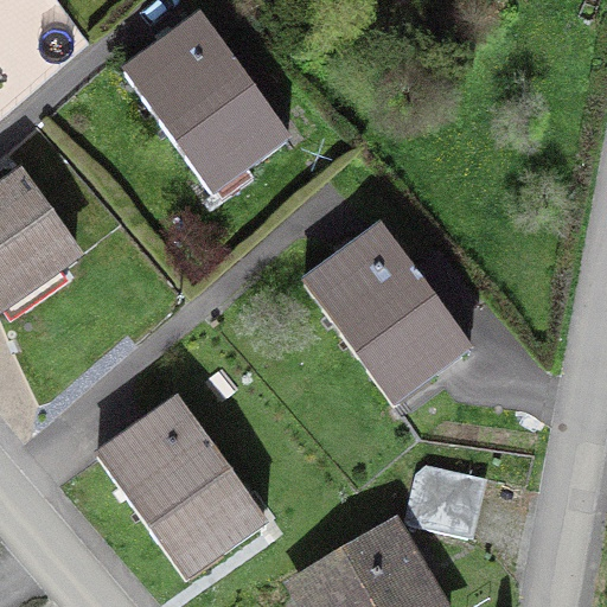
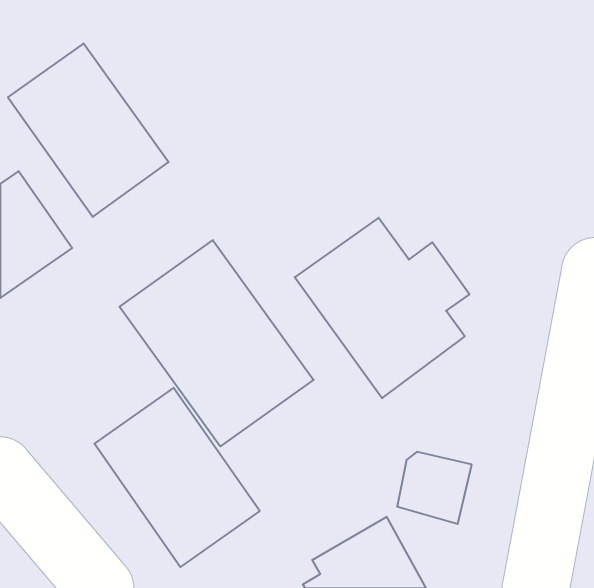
building: [124,14,288,191] -> [8,43,169,217]
building: none -> [119,240,314,446]

